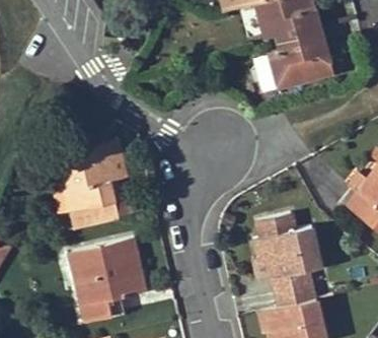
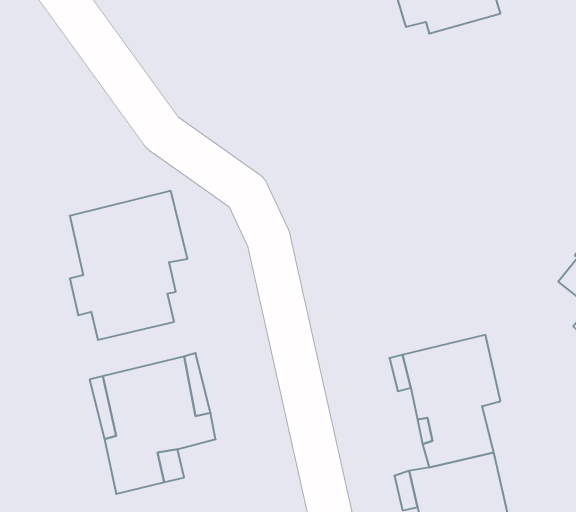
building: [268,29,330,87] -> none

